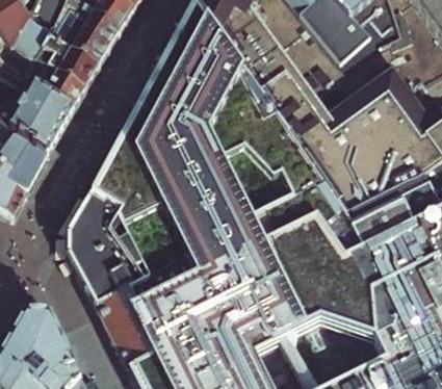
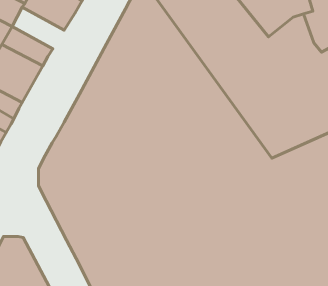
building: [36,38,100,89] -> none

